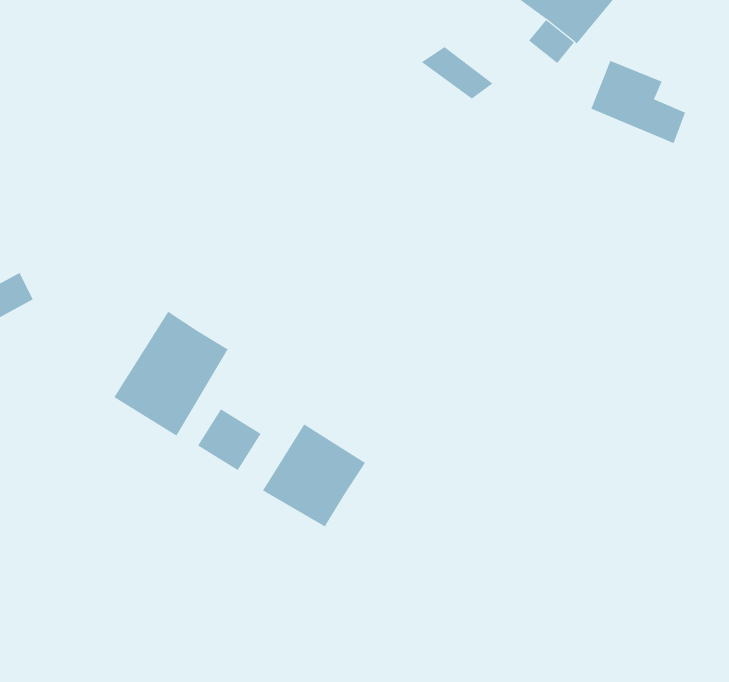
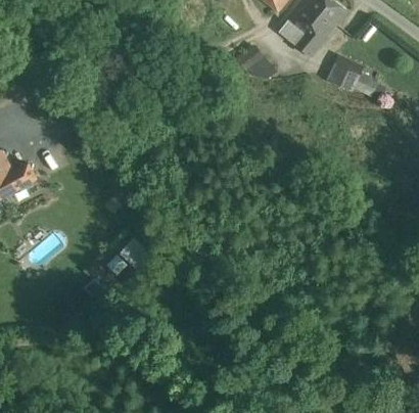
building: [113,311,229,436] -> none
building: [262,423,366,528] -> none

